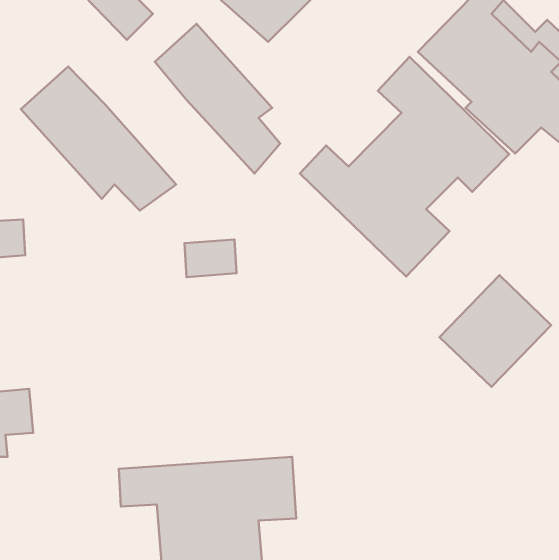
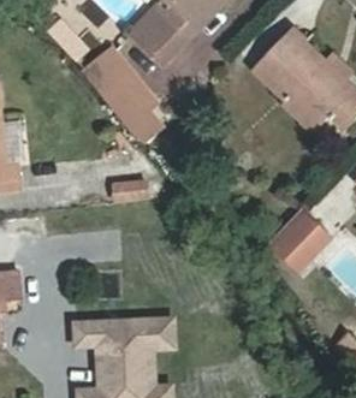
building: [300,57,509,276] -> none
building: [21,66,176,211] -> none

